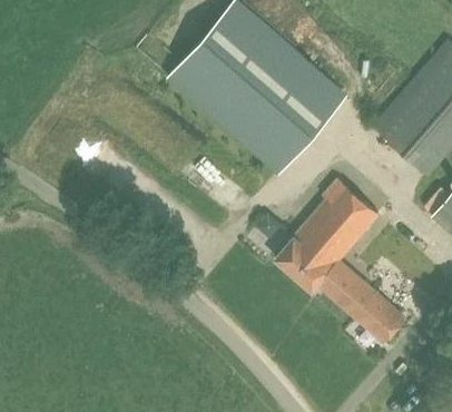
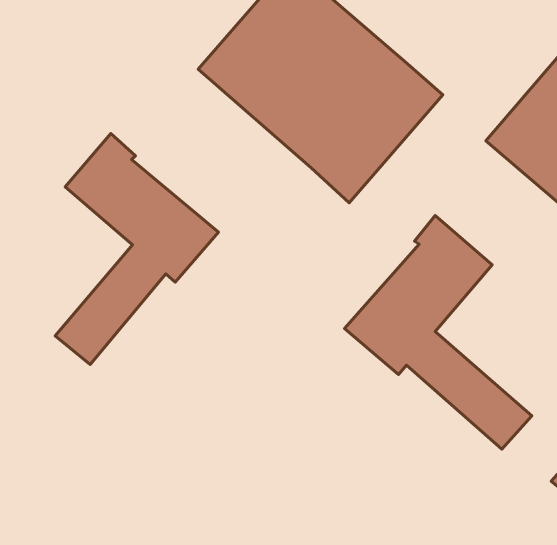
building: none -> [55,134,219,364]

